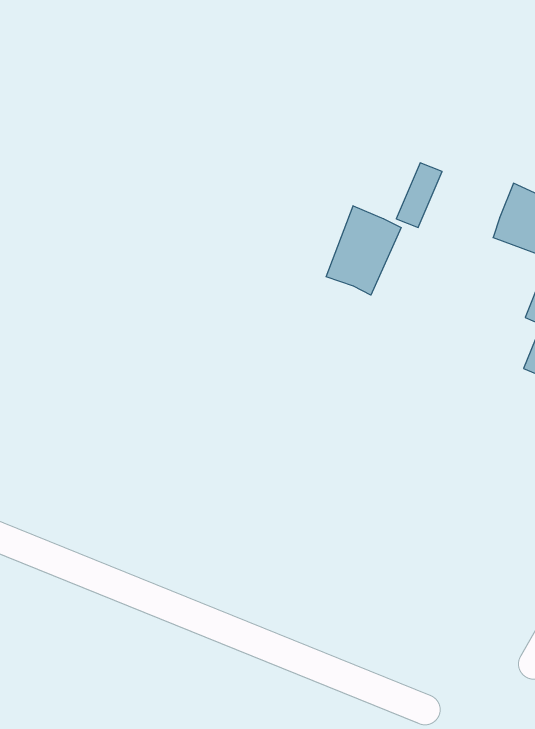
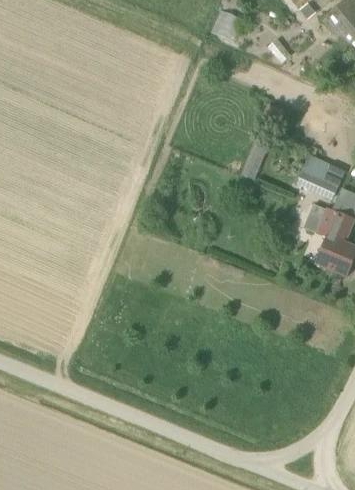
building: [326,206,401,295] -> none

